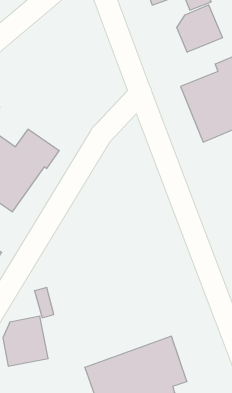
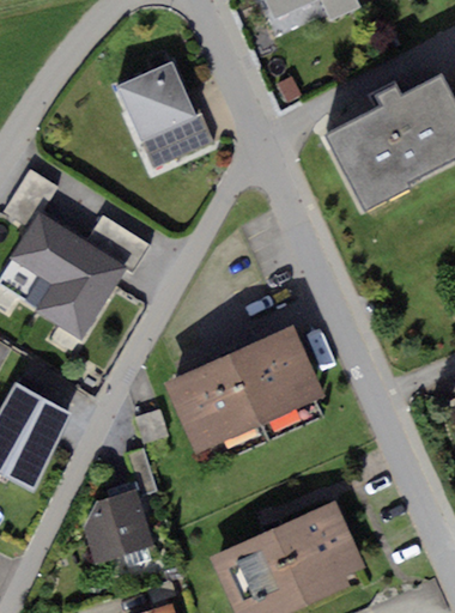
building: [177,5,222,52] -> none
building: none -> [117,60,206,164]
building: none -> [166,329,323,453]

